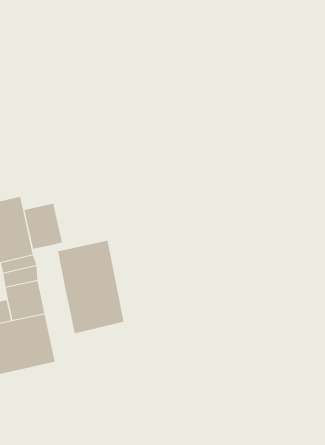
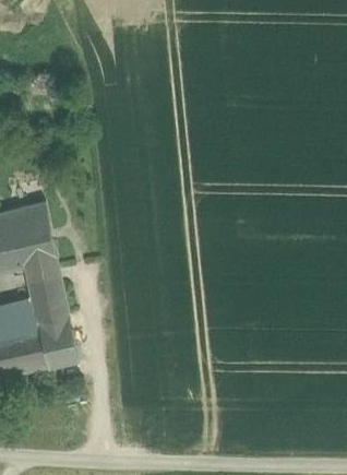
building: [24,203,62,249] -> none
building: [58,240,124,334] -> none

